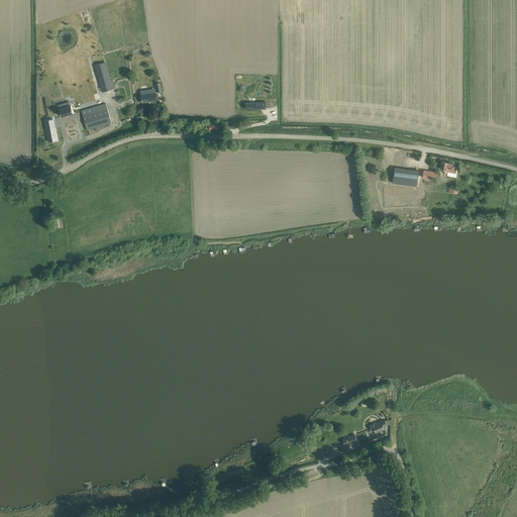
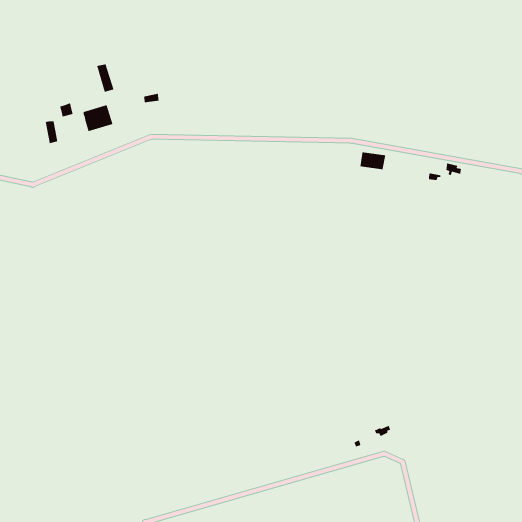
building: [393,168,419,186] -> [360,152,386,170]

